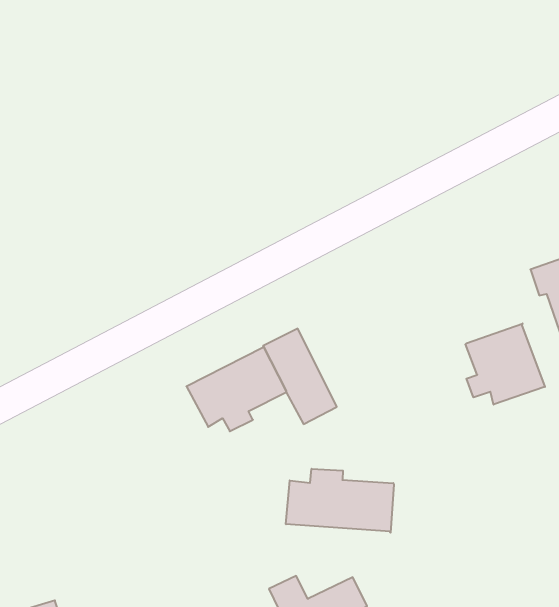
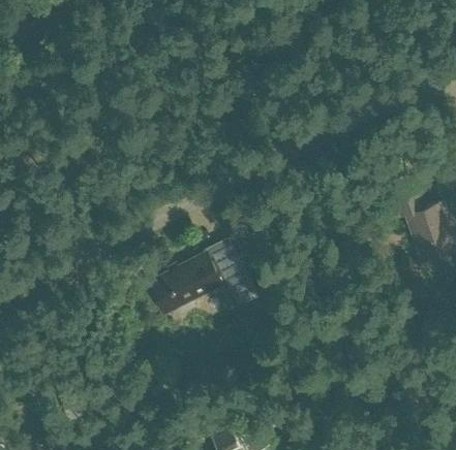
building: [465,323,545,405] -> none
building: [286,469,394,533] -> none

